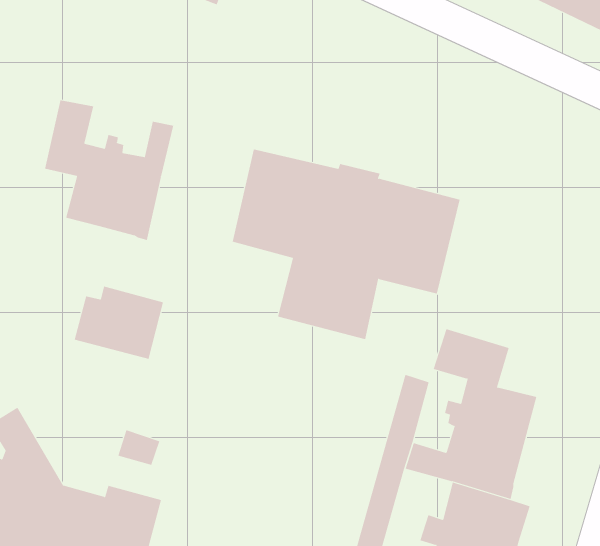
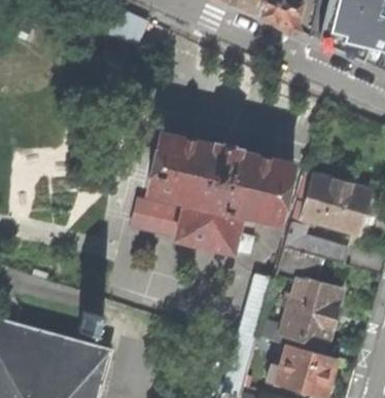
building: [45,99,174,241] -> none
building: none -> [284,173,370,264]
building: [74,286,164,359] -> [131,192,187,239]

